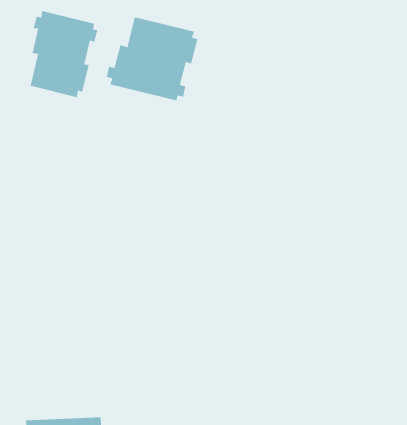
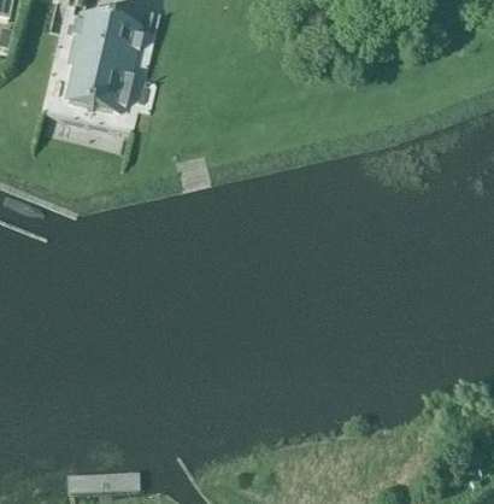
building: [106,16,198,101] -> none

